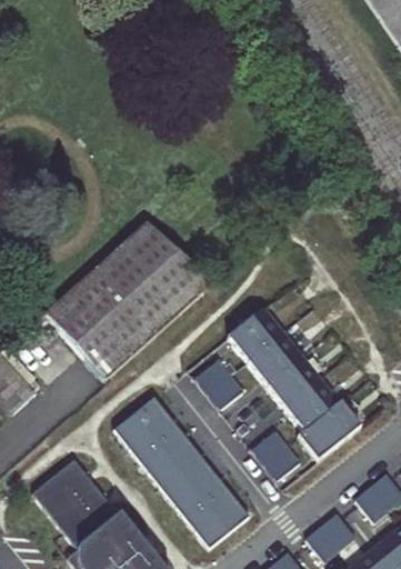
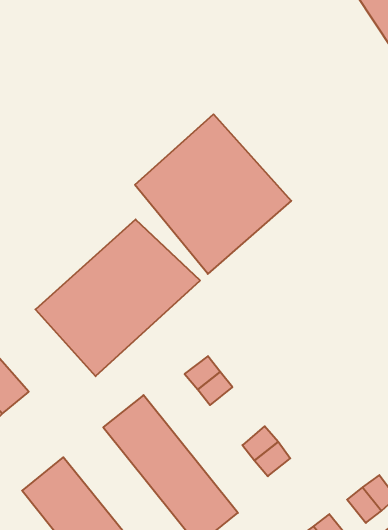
building: none -> [135,114,291,274]
building: [227,305,360,458] -> none

